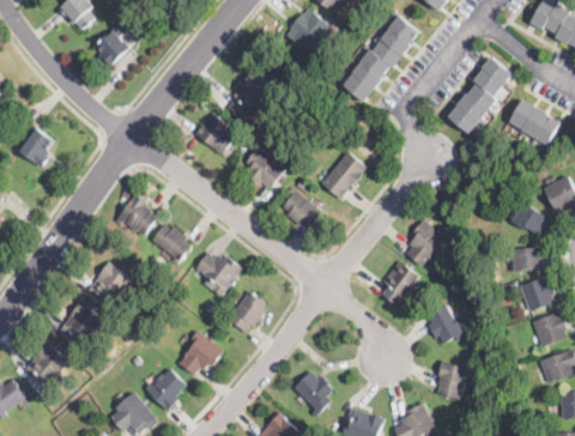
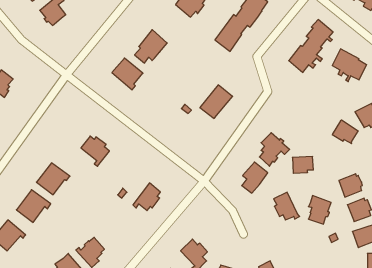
building: [244,144,285,189] -> none
building: [283,187,322,230] -> none
building: [116,193,157,235] -> none
building: [512,247,541,271] -> [292,157,313,173]
building: [195,252,242,295] -> none
building: [177,329,224,374] -> none
building: [436,359,468,400] -> [308,196,331,224]

